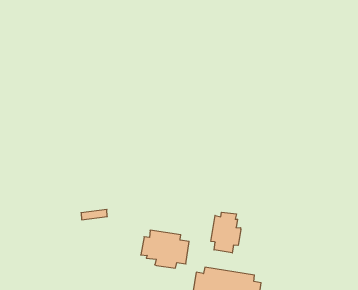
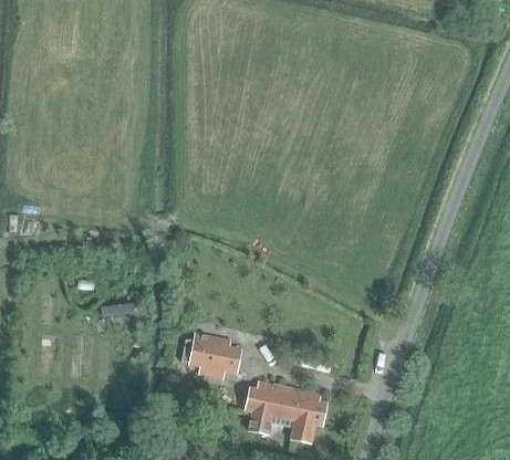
building: [211,212,241,253] -> none

